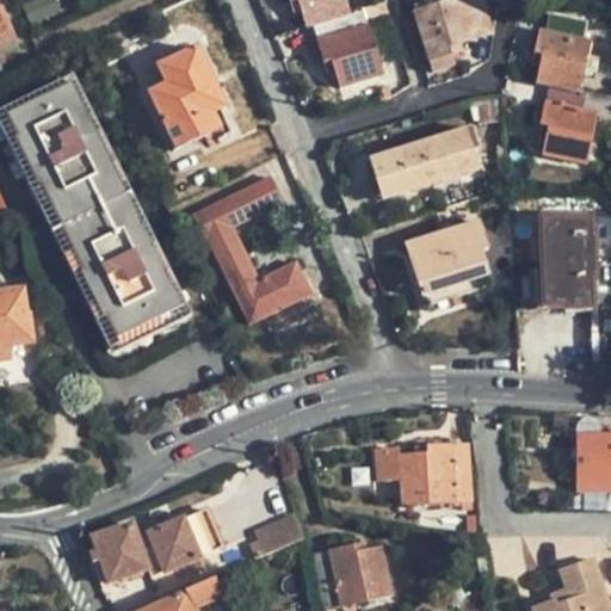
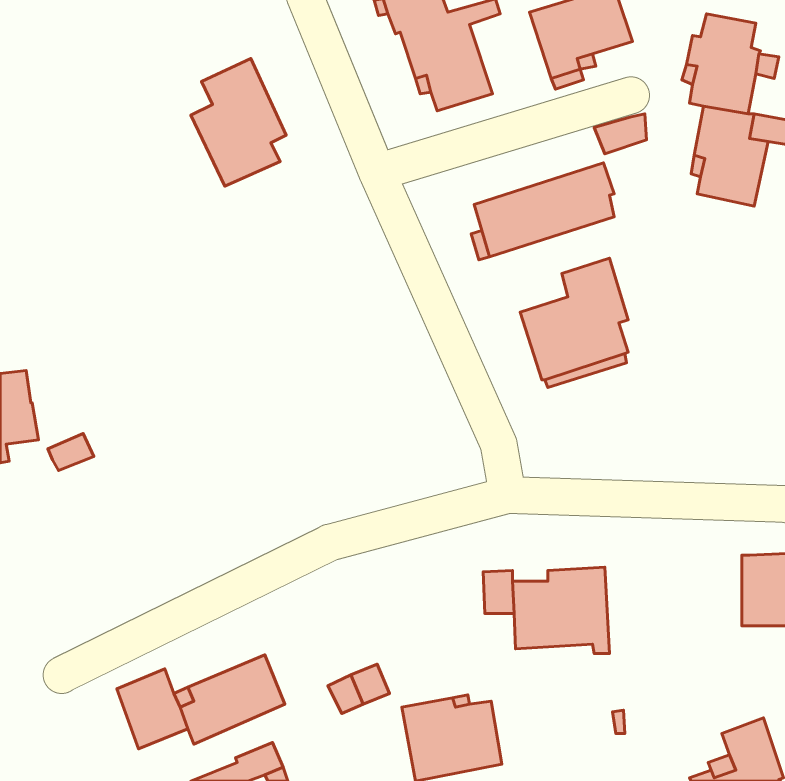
building: [6,81,183,338] -> none
building: [196,175,313,322] -> none
building: [519,216,593,308] -> none

